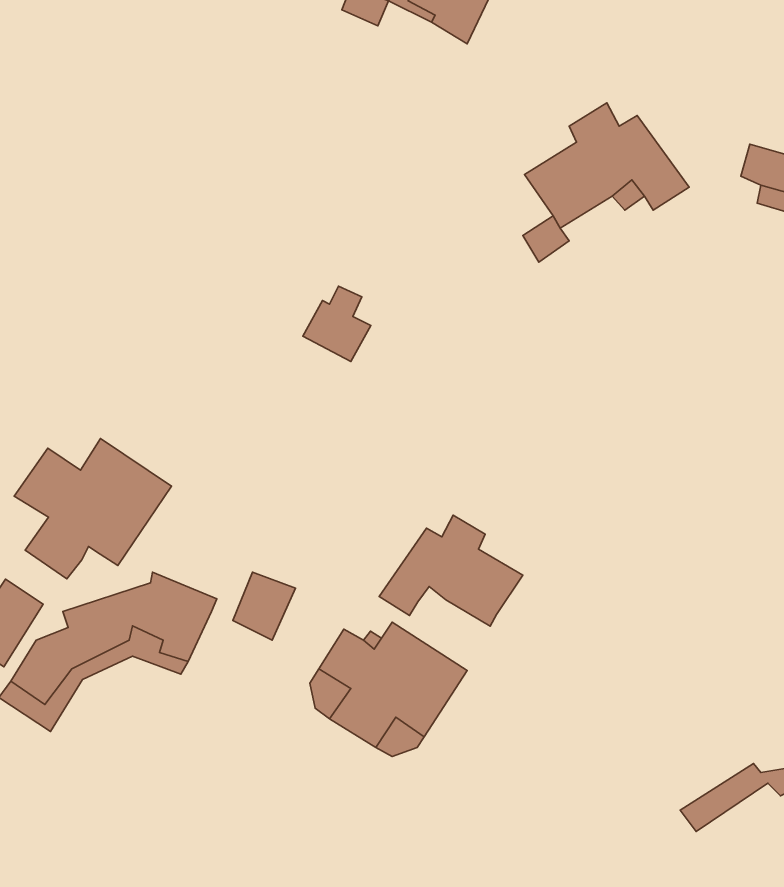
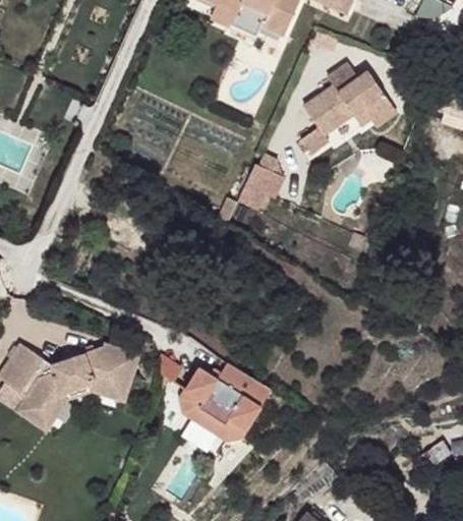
building: [303,286,371,361] -> [245,162,284,205]
building: [14,439,171,579] -> none
building: [379,515,523,626] -> none

